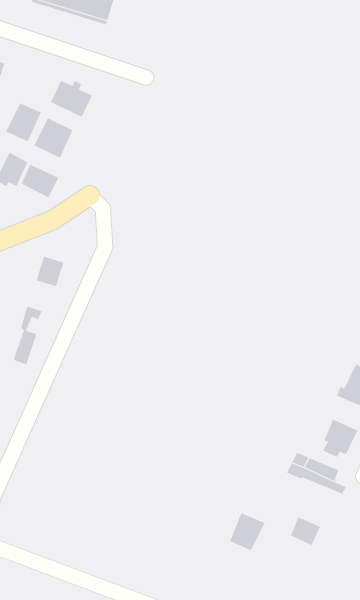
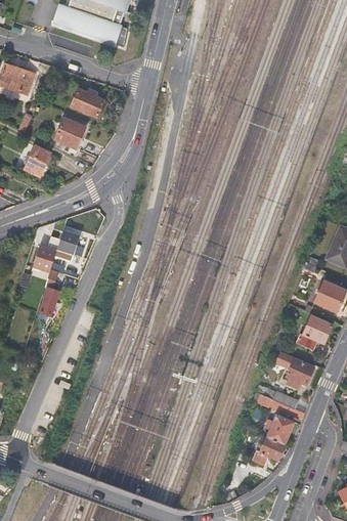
building: [6,103,42,142] -> none
building: [21,164,59,198] -> none
building: none -> [33,234,60,270]
building: [228,512,265,551] -> [266,414,296,444]

